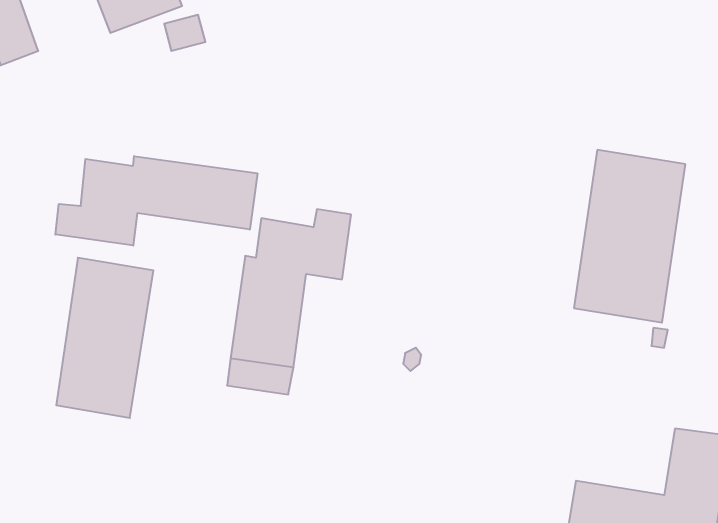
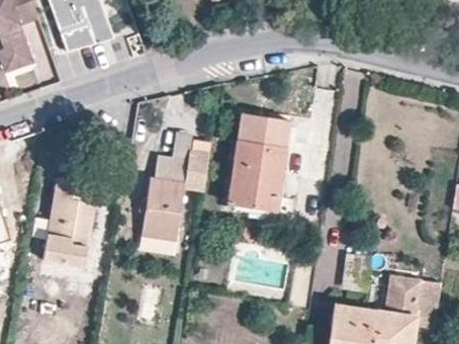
building: [574,150,685,323] -> [227,112,290,209]
building: [55,156,257,246] -> none

